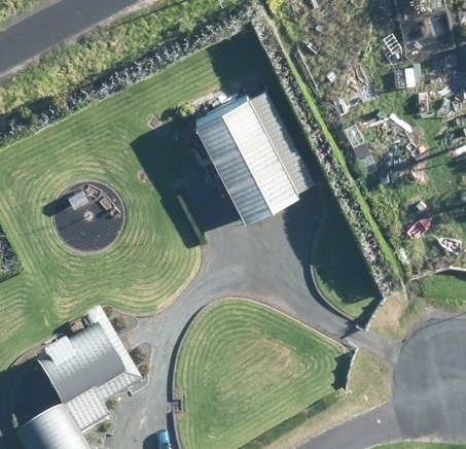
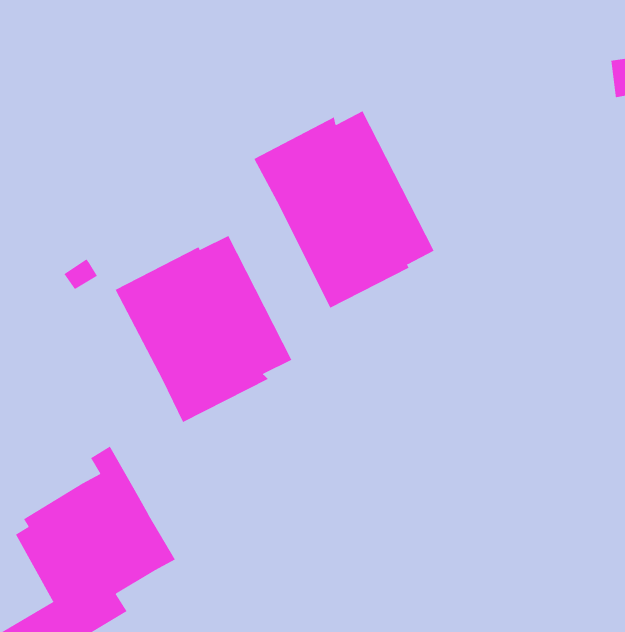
building: none -> [115,235,292,423]

